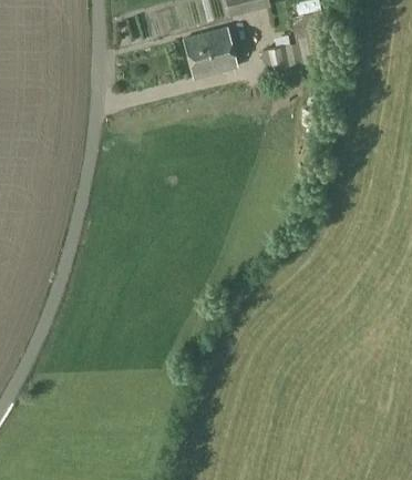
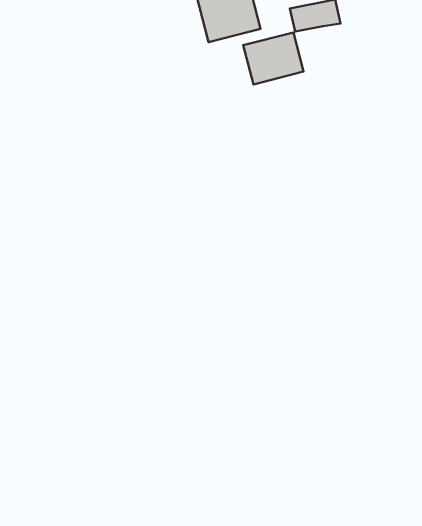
building: none -> [243,32,303,84]

